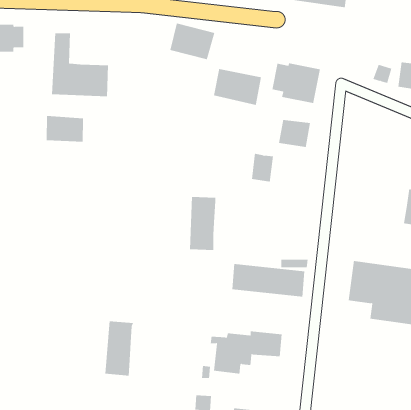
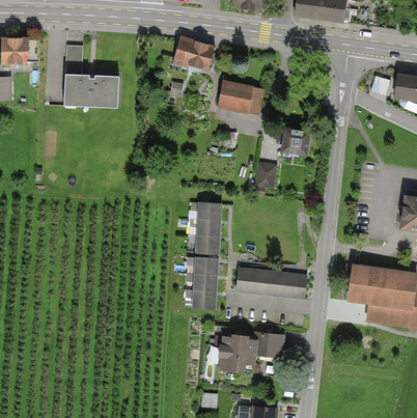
building: [272,62,320,104] -> none
building: [46,115,83,142] -> none
building: [104,321,134,376] -> [191,256,219,309]

